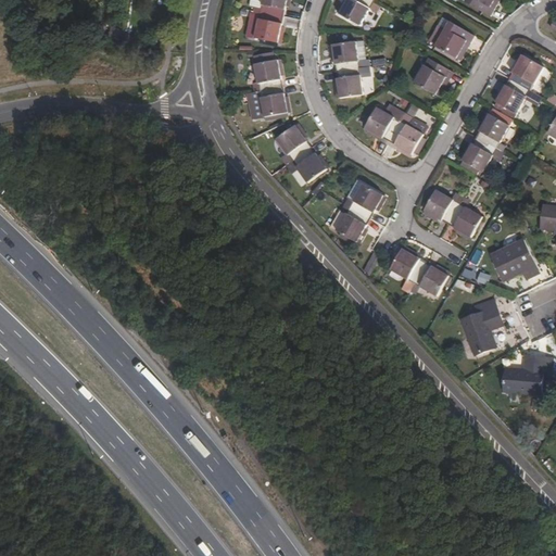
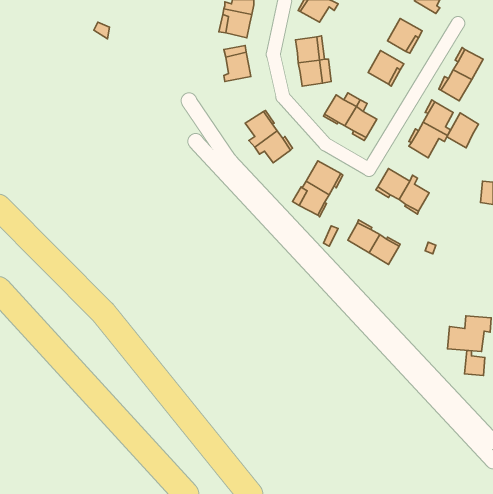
building: [252,86,287,116] -> none
building: none -> [447,113,479,148]
building: [489,238,538,281] -> none
building: [459,298,502,355] -> none
building: none -> [465,350,485,375]

